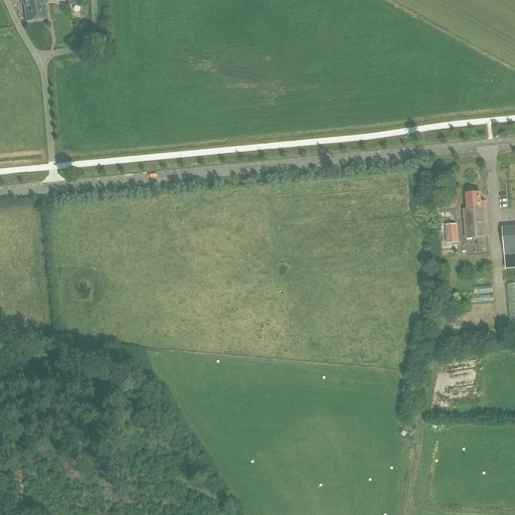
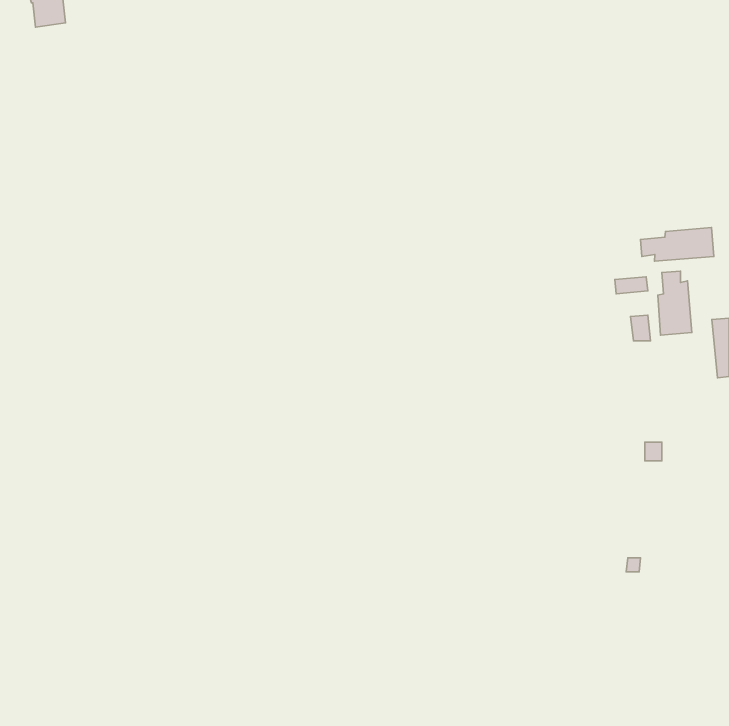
building: none -> [640,227,714,261]

